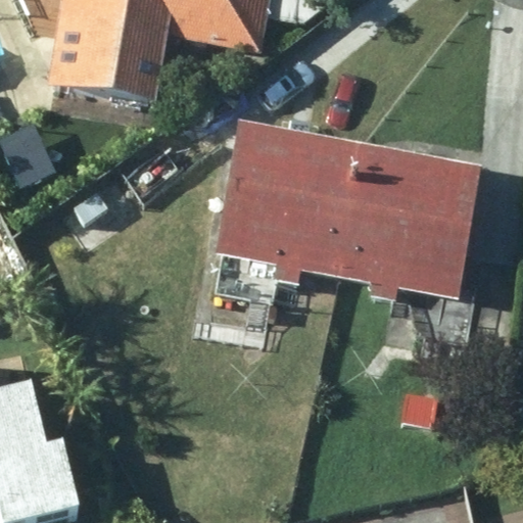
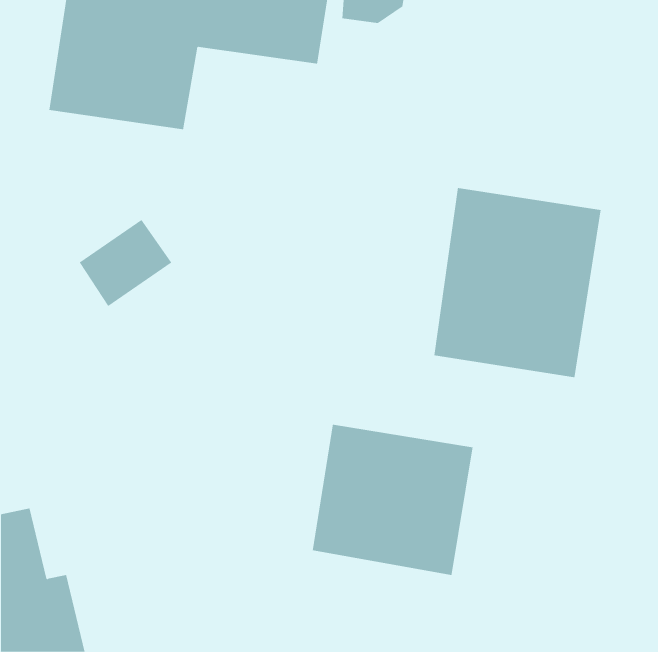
building: [215,126,366,277] -> none
building: none -> [312,424,473,576]

